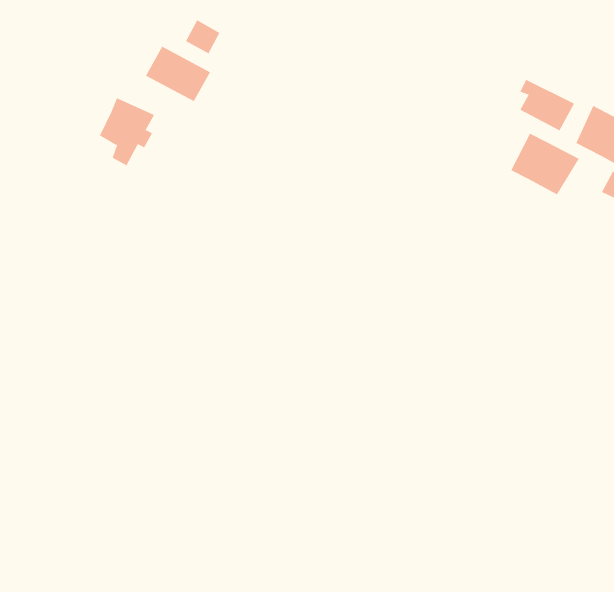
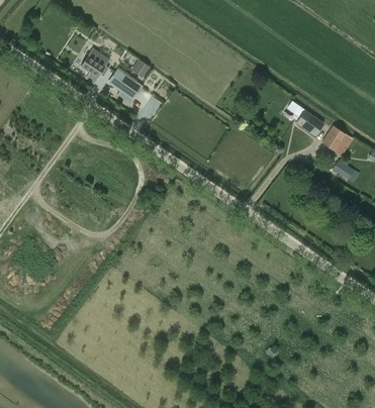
building: [99,97,155,166] -> [81,48,110,84]
building: [510,133,579,195] -> none

